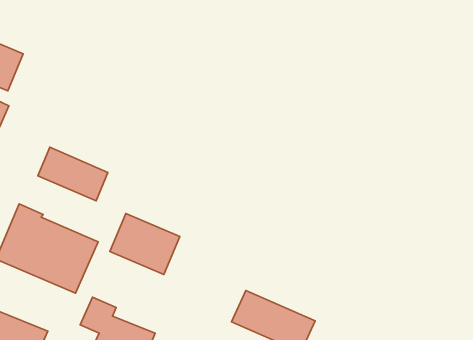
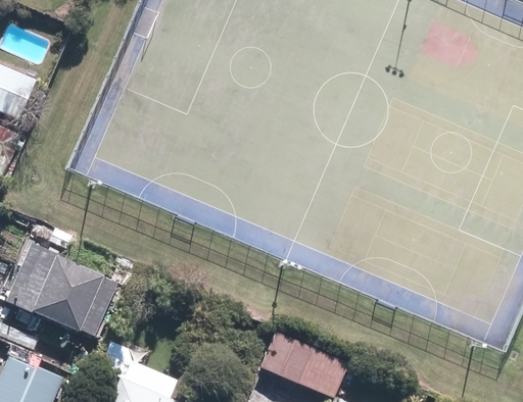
building: [38,147,108,201] -> none
building: [110,213,180,275] -> none

